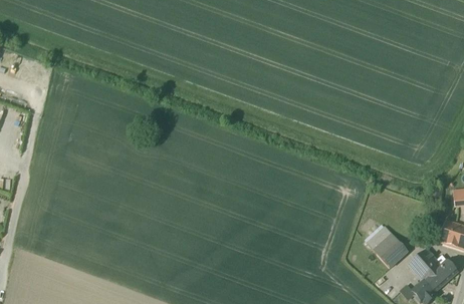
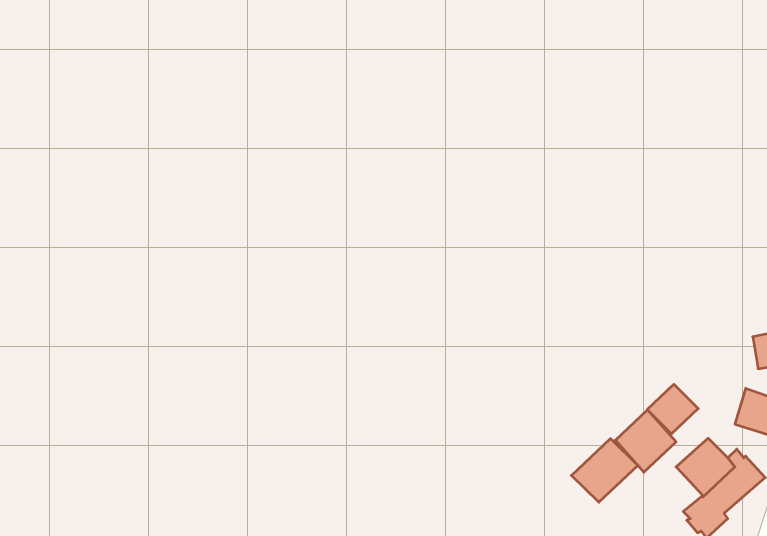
building: none -> [647,384,698,434]
building: none -> [571,439,638,502]

